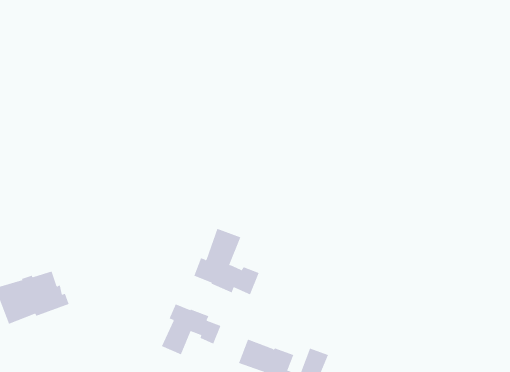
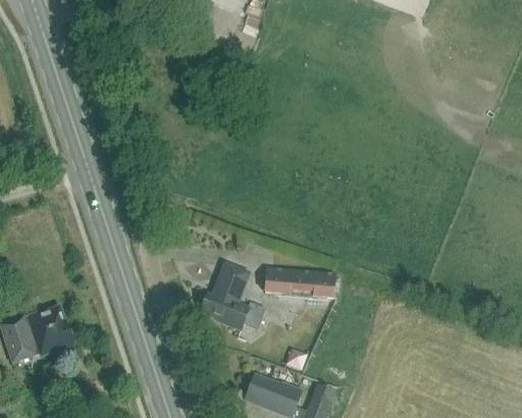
building: none -> [264,266,336,299]
building: [161,303,221,355] -> none

